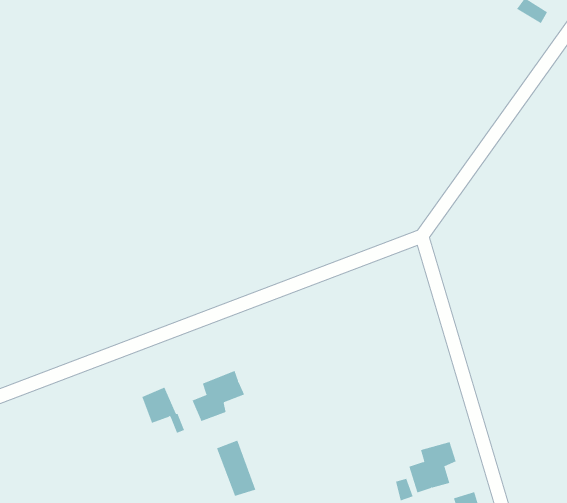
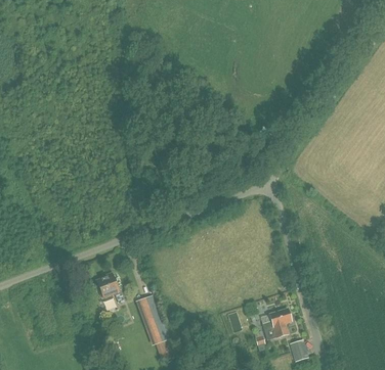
building: [192,370,245,422] -> none

